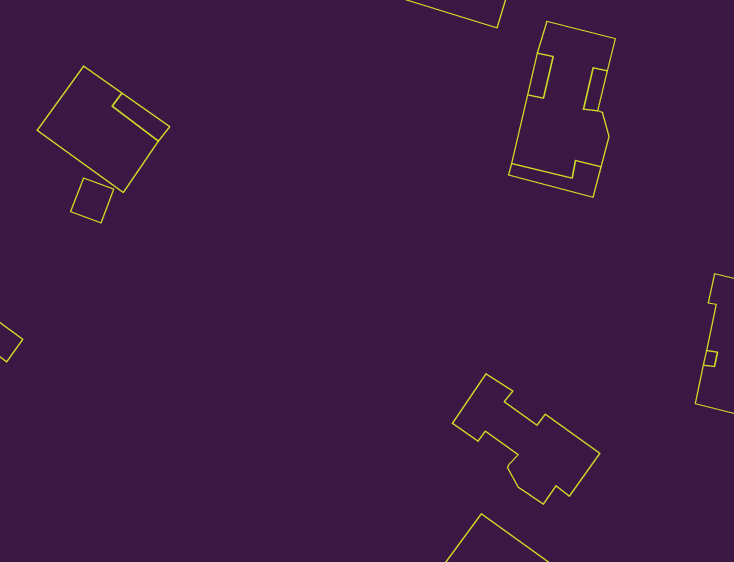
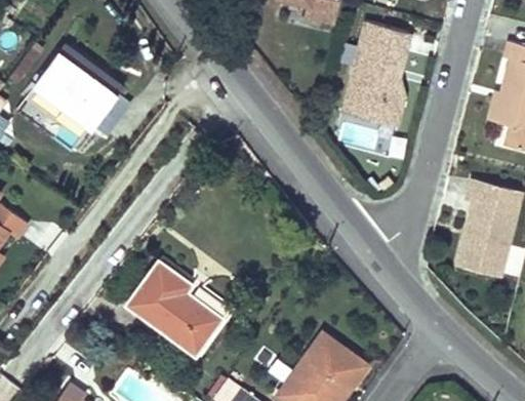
building: [452,374,600,504] -> none
building: none -> [130,264,219,352]

